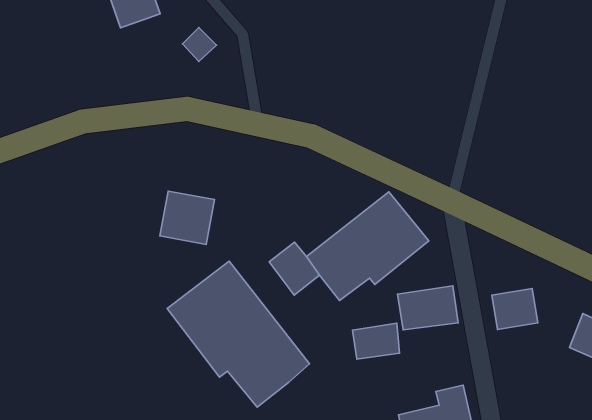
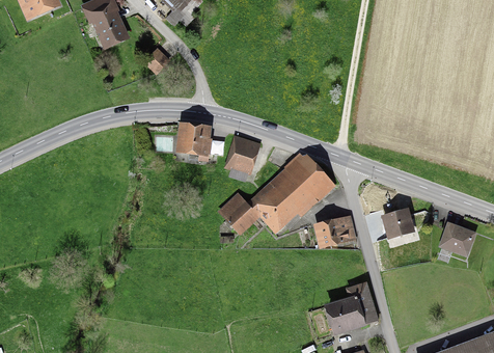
building: none -> [226,137,262,176]
building: [160,191,215,245] -> [175,125,212,160]
building: [167,261,310,407] -> none
building: [353,323,400,359] -> none

